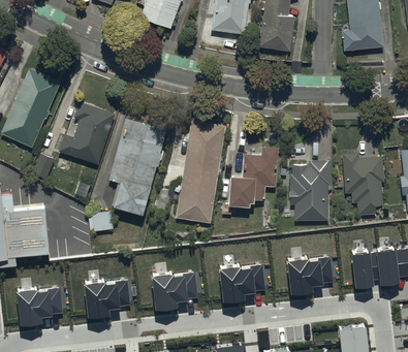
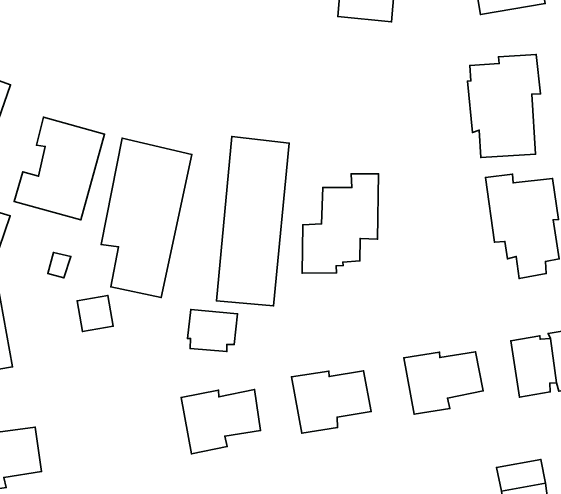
building: [289,162,333,222] -> [467,54,540,158]
building: none -> [188,309,237,351]
building: [83,280,130,318] -> none

